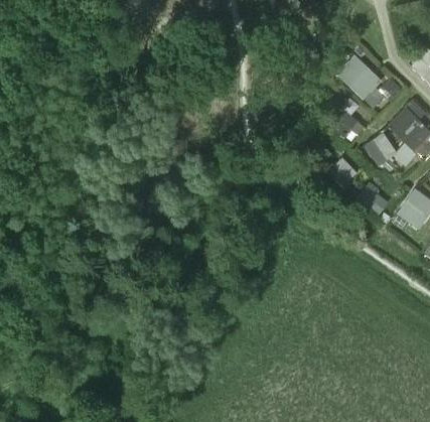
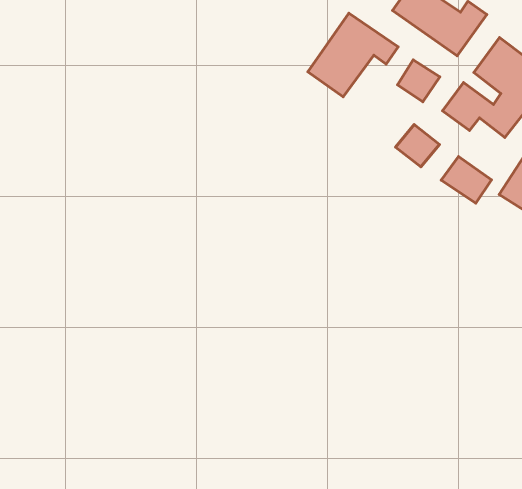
building: none -> [308,13,398,97]

